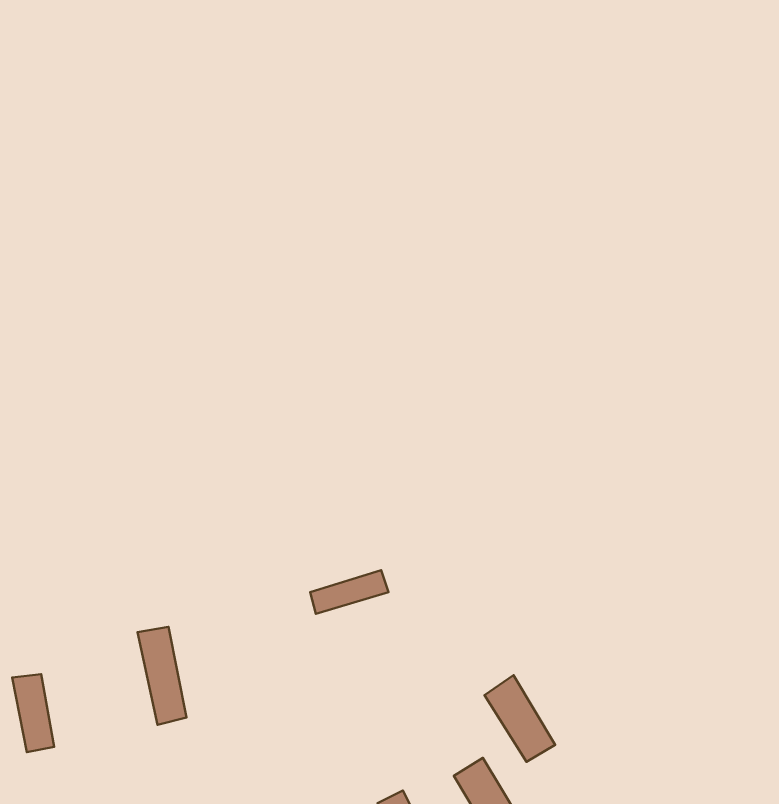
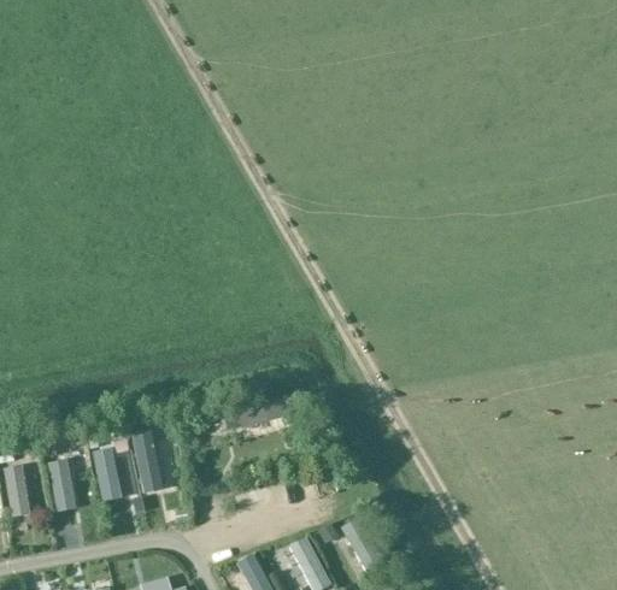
building: none -> [93,449,123,502]
building: [485,675,555,762] -> none

